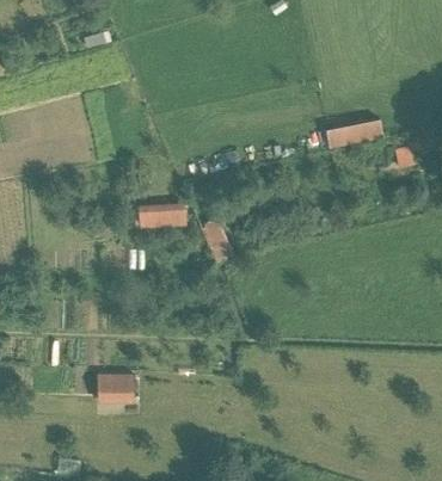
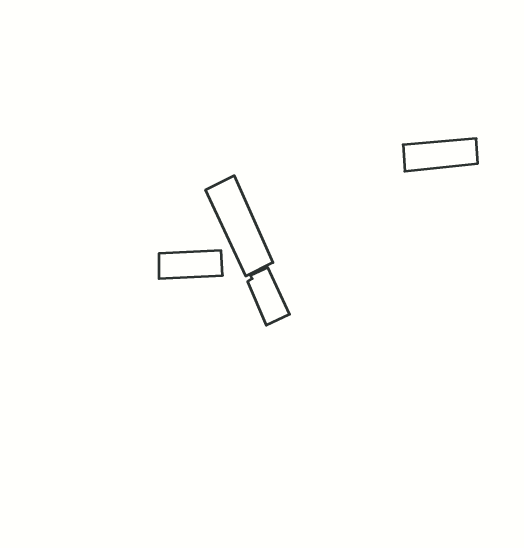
building: none -> [206,176,273,276]
building: [98,374,136,403] -> none

